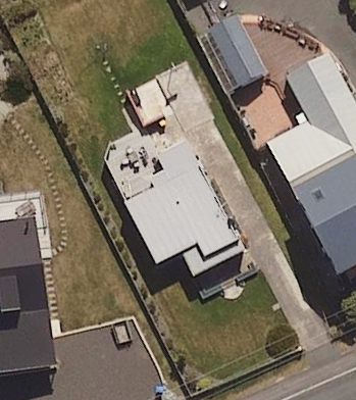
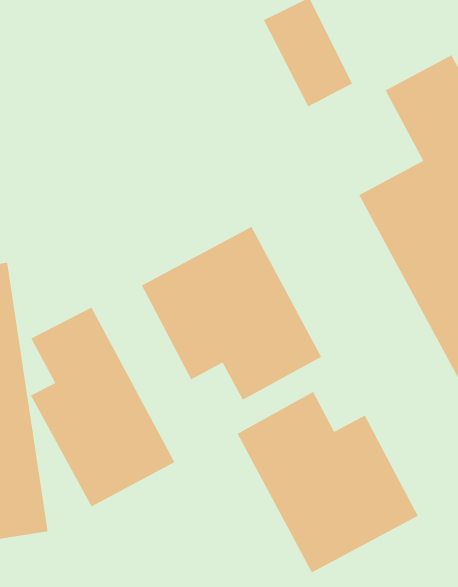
building: none -> [30,306,175,508]
building: none -> [236,391,419,574]

